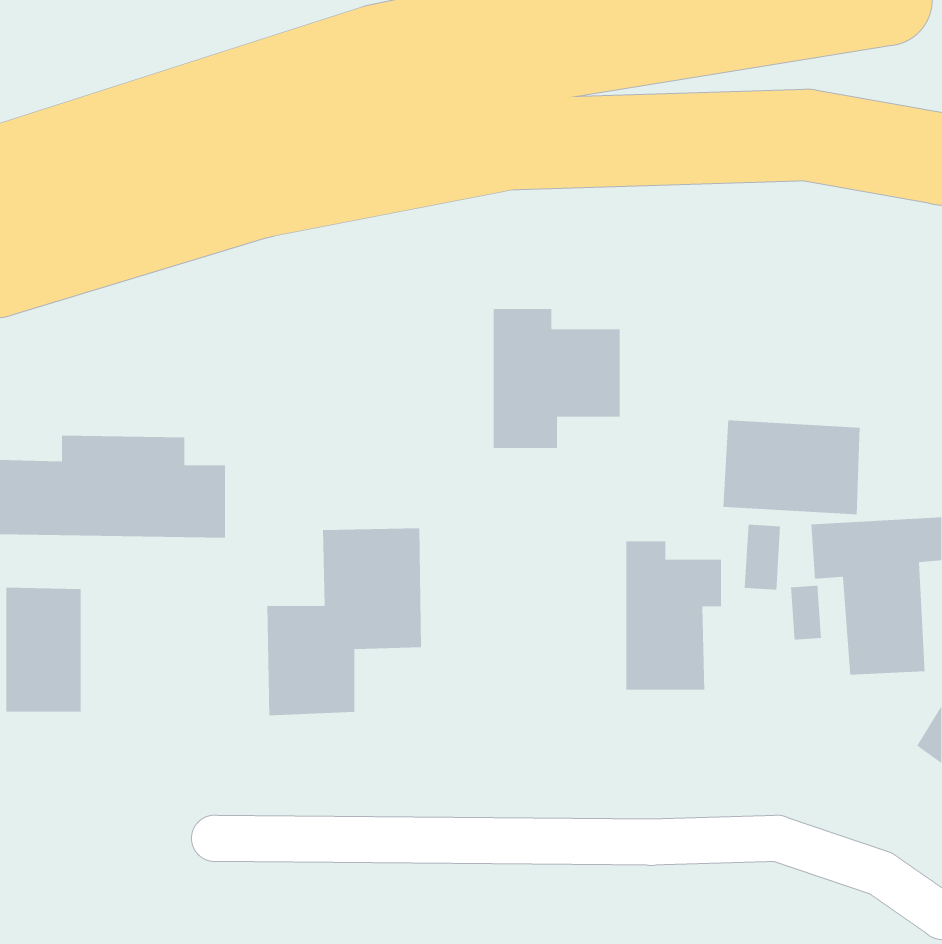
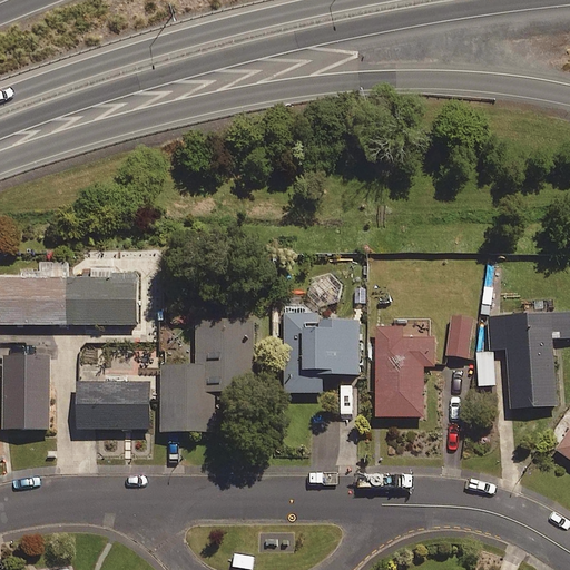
building: [493,308,621,449] -> [283,307,360,392]
building: [723,420,861,515] -> none
building: none -> [77,381,149,429]

